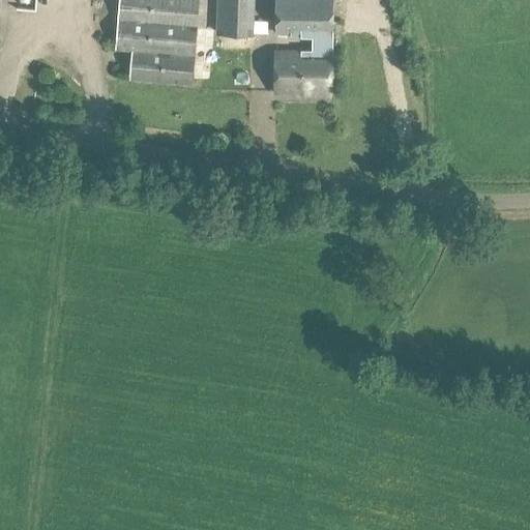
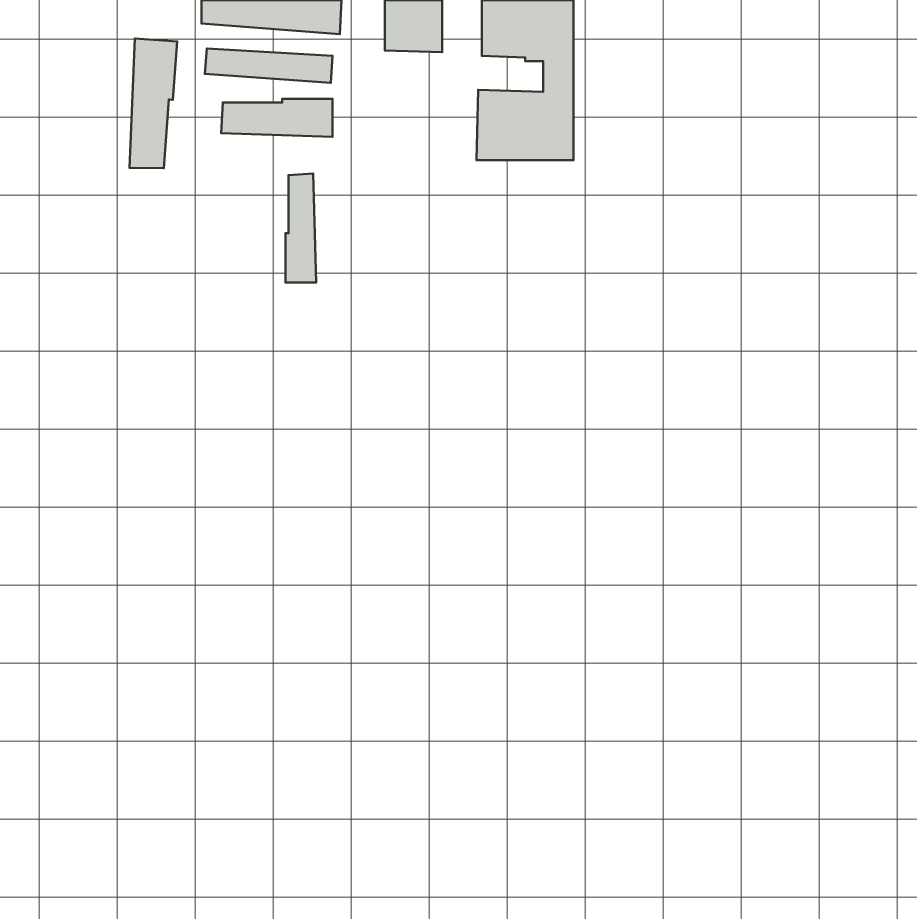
building: none -> [130,39,177,168]
building: none -> [286,174,316,282]

